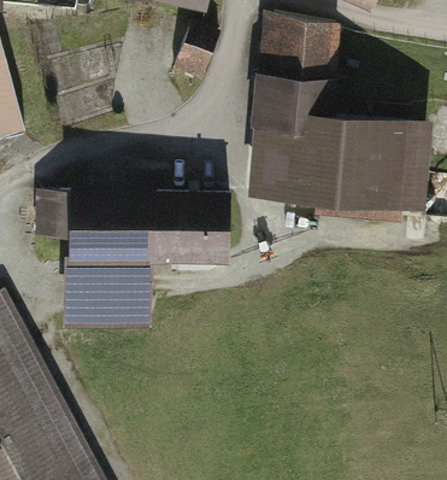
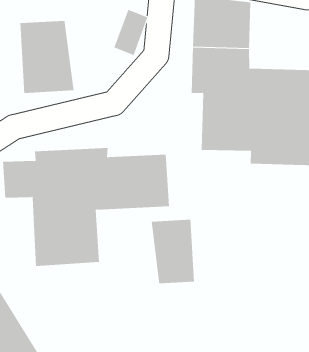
building: none -> [20,20,74,94]
building: none -> [151,219,194,284]

